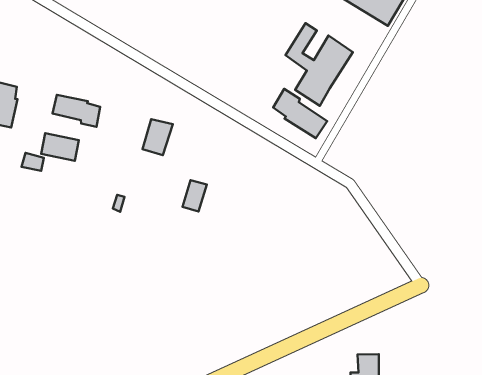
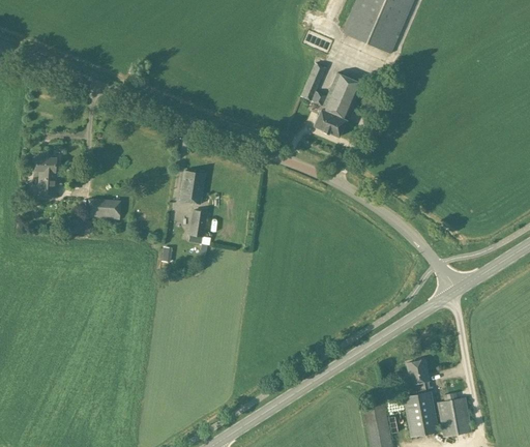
building: [273,89,327,138] -> none
building: [52,95,100,127] -> none
building: [182,180,207,211] -> [189,209,209,237]

